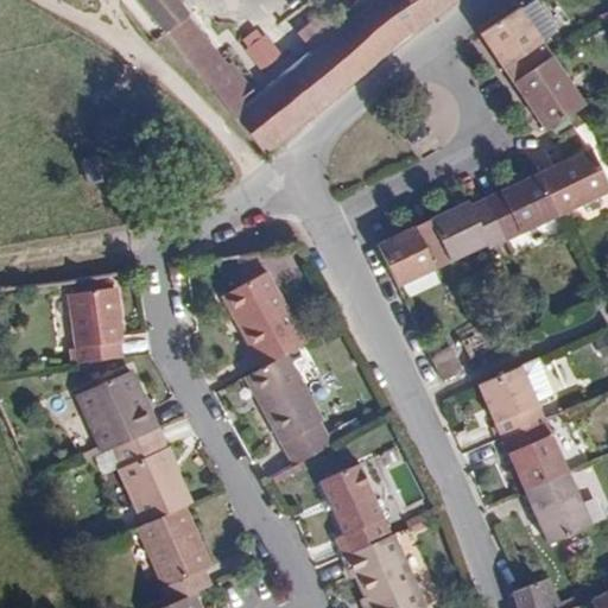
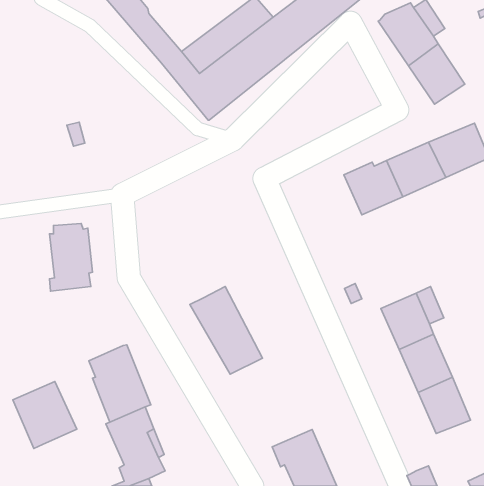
building: [380,217,455,290] -> none
building: [221,276,304,370] -> none
building: [78,370,158,454] -> [13,382,77,448]
building: [321,461,393,556] -> none

